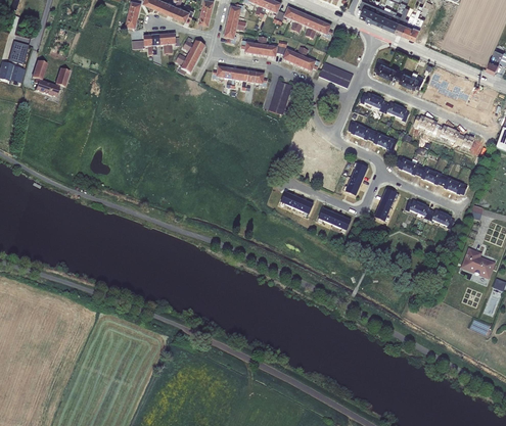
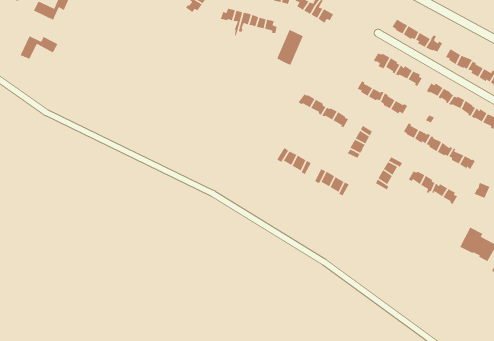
building: [319,61,354,88] -> none
building: none -> [20,35,59,60]

